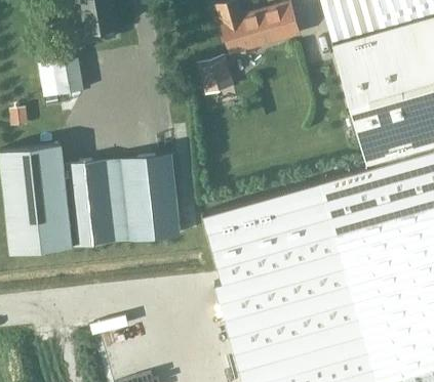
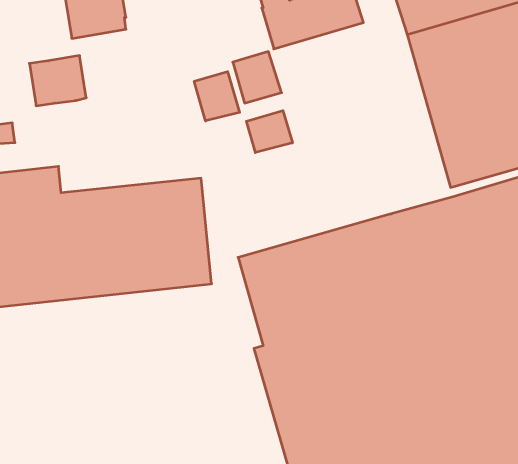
building: none -> [194,72,240,121]
building: none -> [246,111,292,153]

